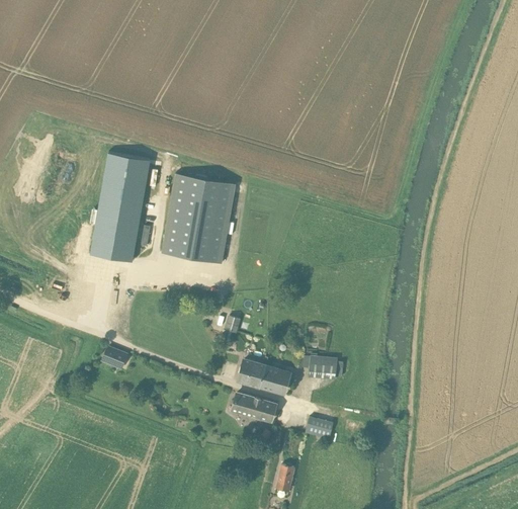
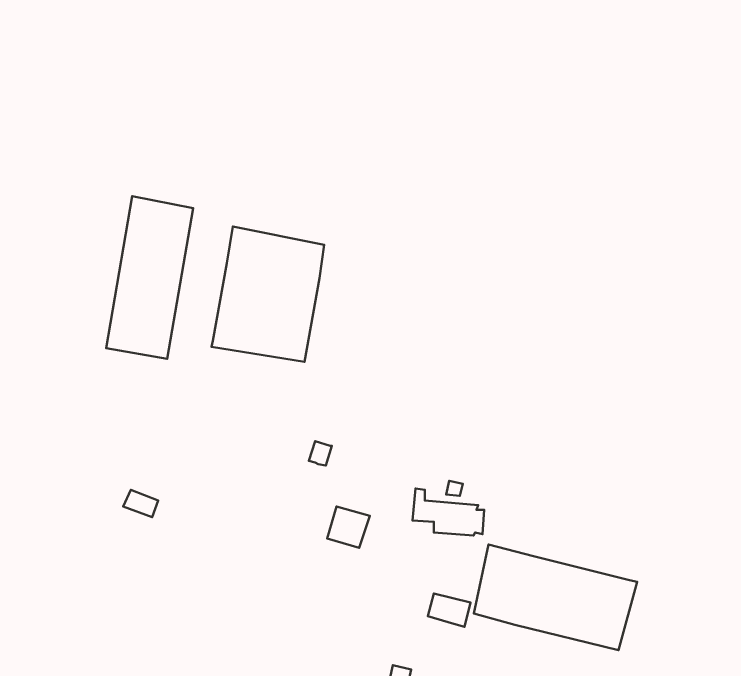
building: [259,365,289,394] -> none
building: none -> [474,545,637,650]
building: [232,393,276,421] -> none

